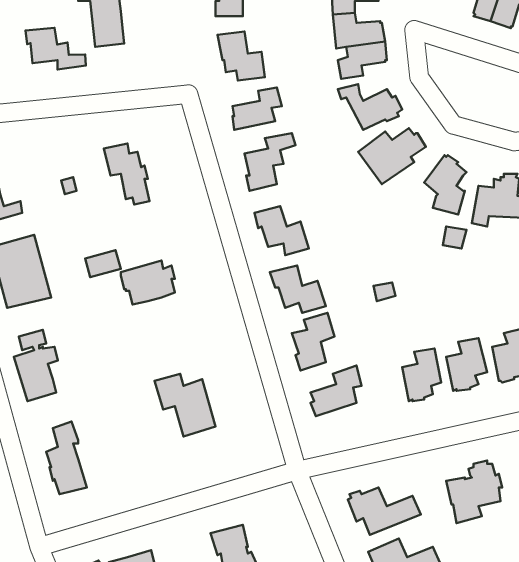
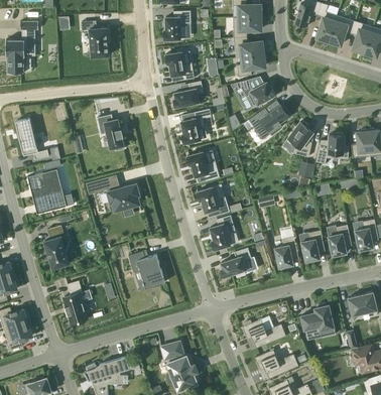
building: [25,28,86,70] -> none

